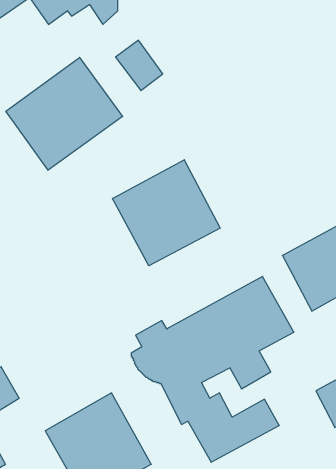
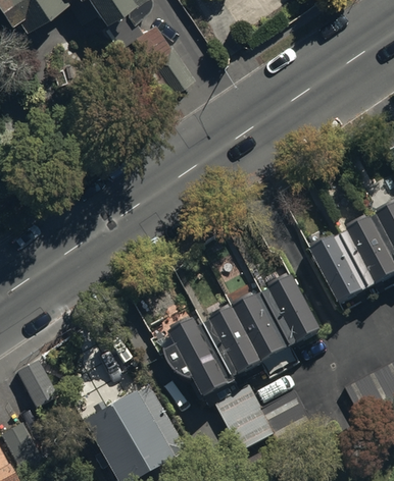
building: [6,57,123,170] -> none
building: [112,160,220,266] -> none

